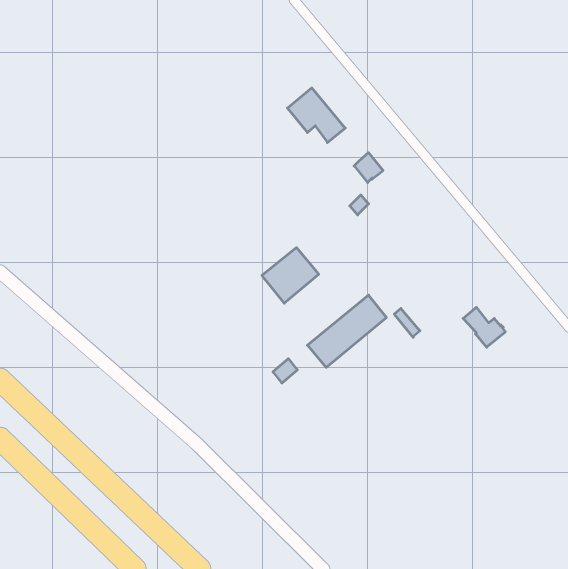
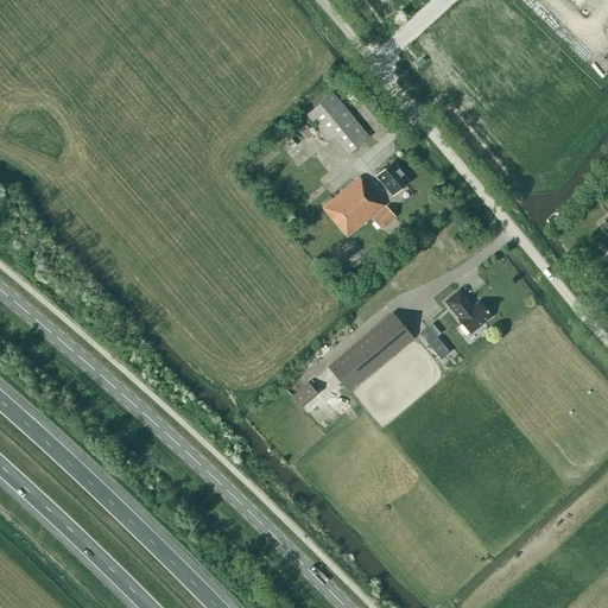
building: [262,248,319,303] -> [323,178,384,238]
building: [463,307,505,347] -> [446,291,492,334]

